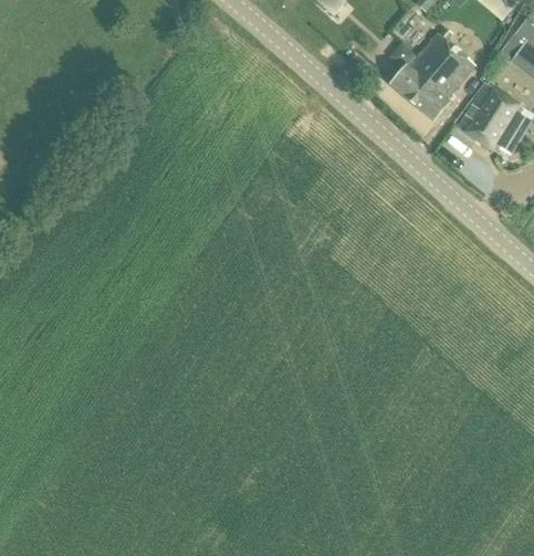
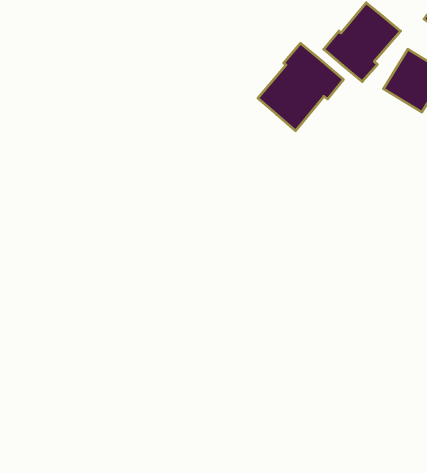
building: none -> [258,43,343,131]

